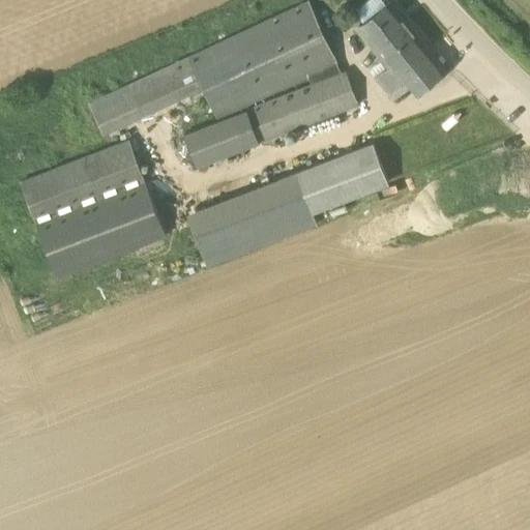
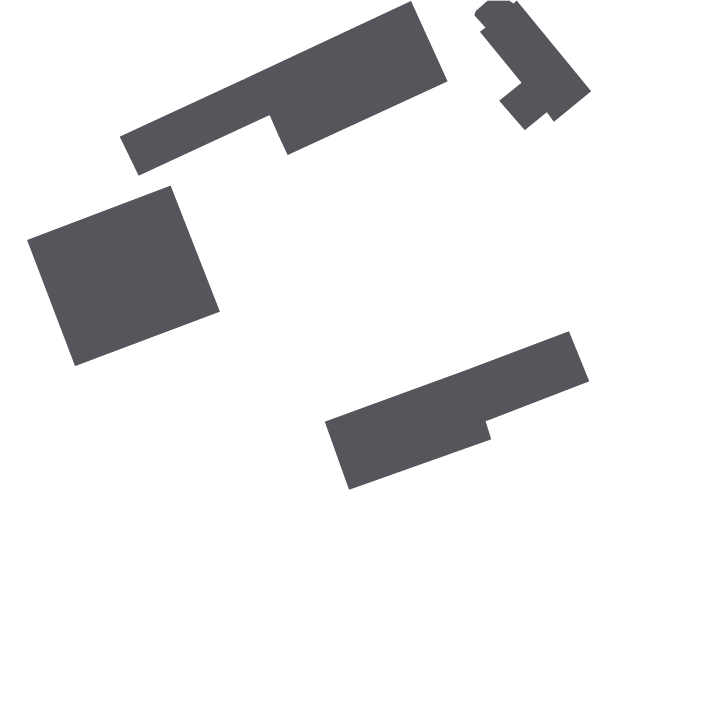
building: [181,72,358,169] -> none
building: [188,145,388,265] -> [324,330,590,490]

